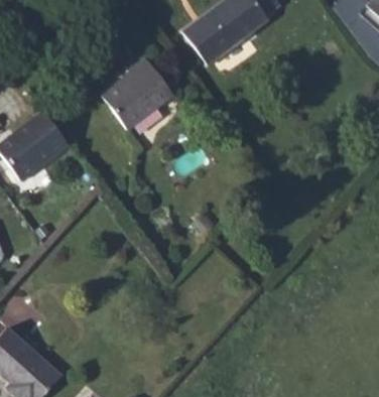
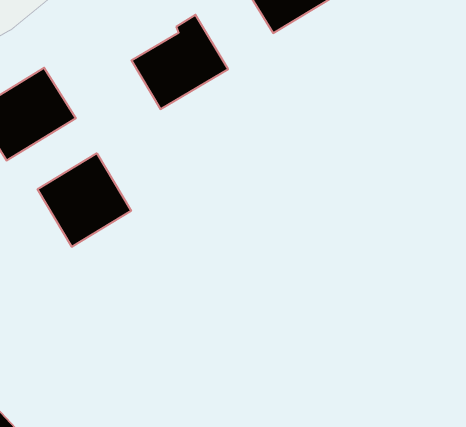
building: none -> [38,153,131,247]

